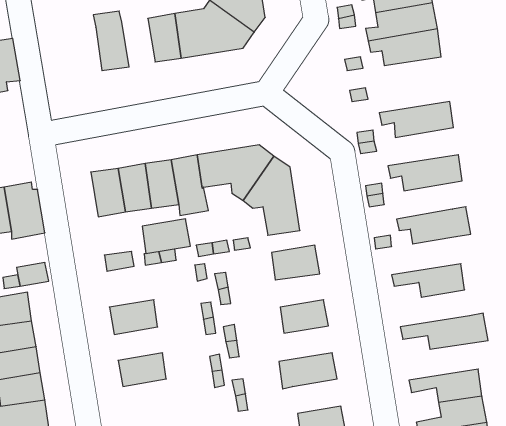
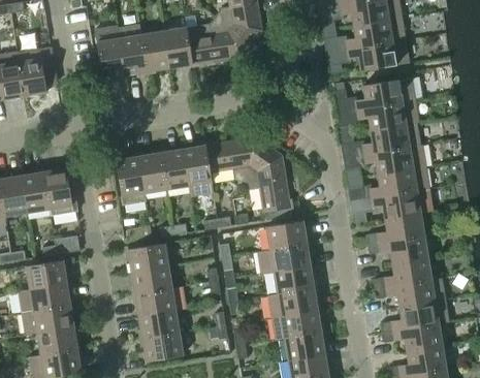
building: none -> [94,25,125,78]
building: none -> [141,31,169,71]
building: none -> [355,77,415,109]
building: none -> [362,122,422,154]
building: none -> [370,166,428,198]
building: [142,219,190,254] -> [128,243,168,272]
building: none -> [365,213,424,245]
building: none -> [259,244,310,273]
building: none -> [373,257,431,288]
building: none -> [268,287,317,317]
building: none -> [135,288,175,316]
building: none -> [380,300,450,333]
building: none -> [142,332,183,361]
building: none -> [284,332,324,360]

